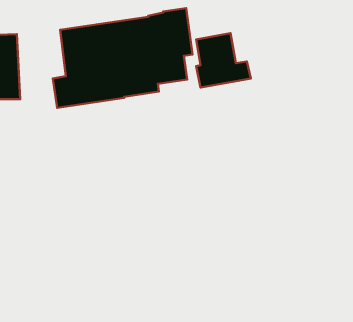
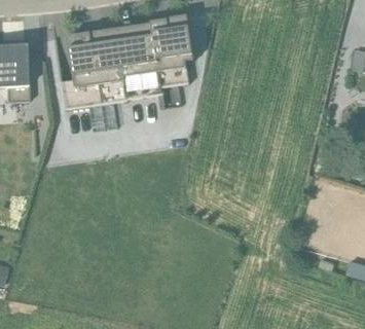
building: [196,33,251,87] -> none

